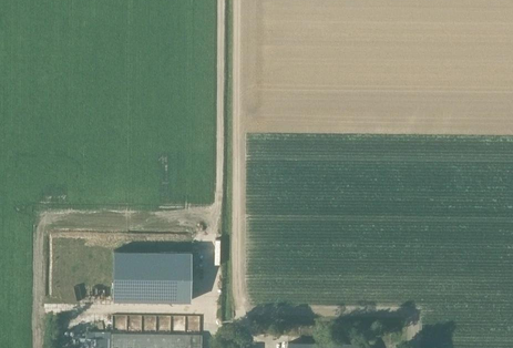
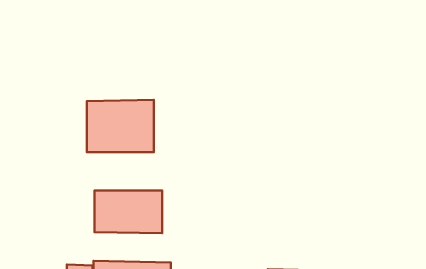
building: none -> [87,100,154,152]

